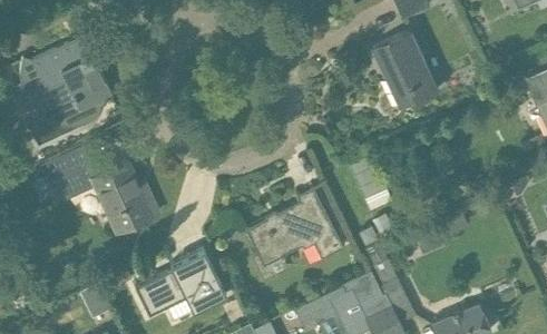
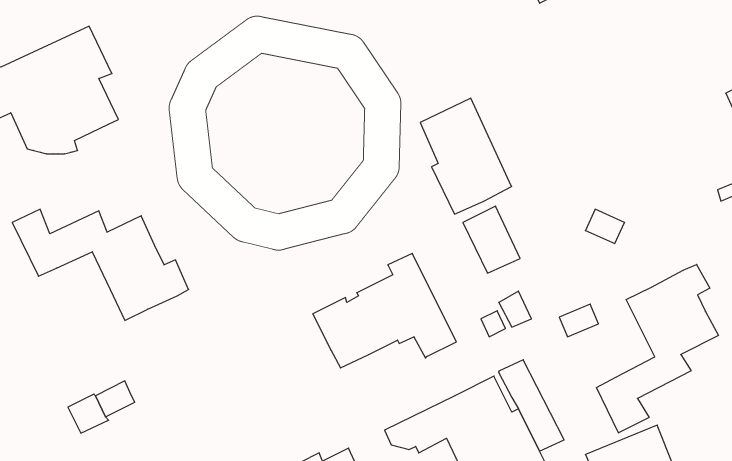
building: [374,31,437,110] -> [420,98,512,214]
building: none -> [596,264,718,433]
building: [134,249,225,316] -> none

